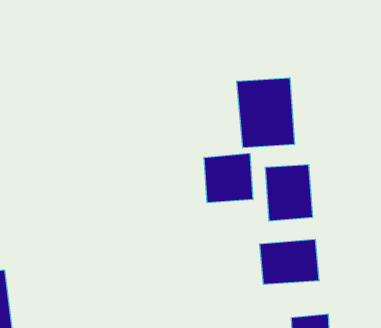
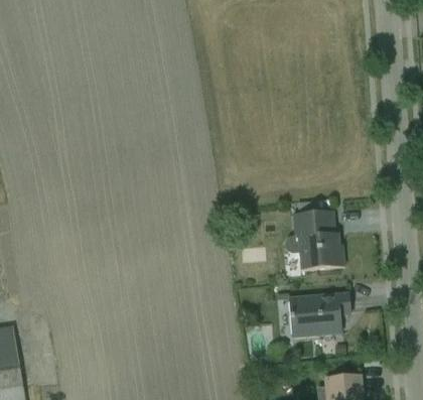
building: [237,78,294,148] -> none
building: [204,153,253,203] -> none

